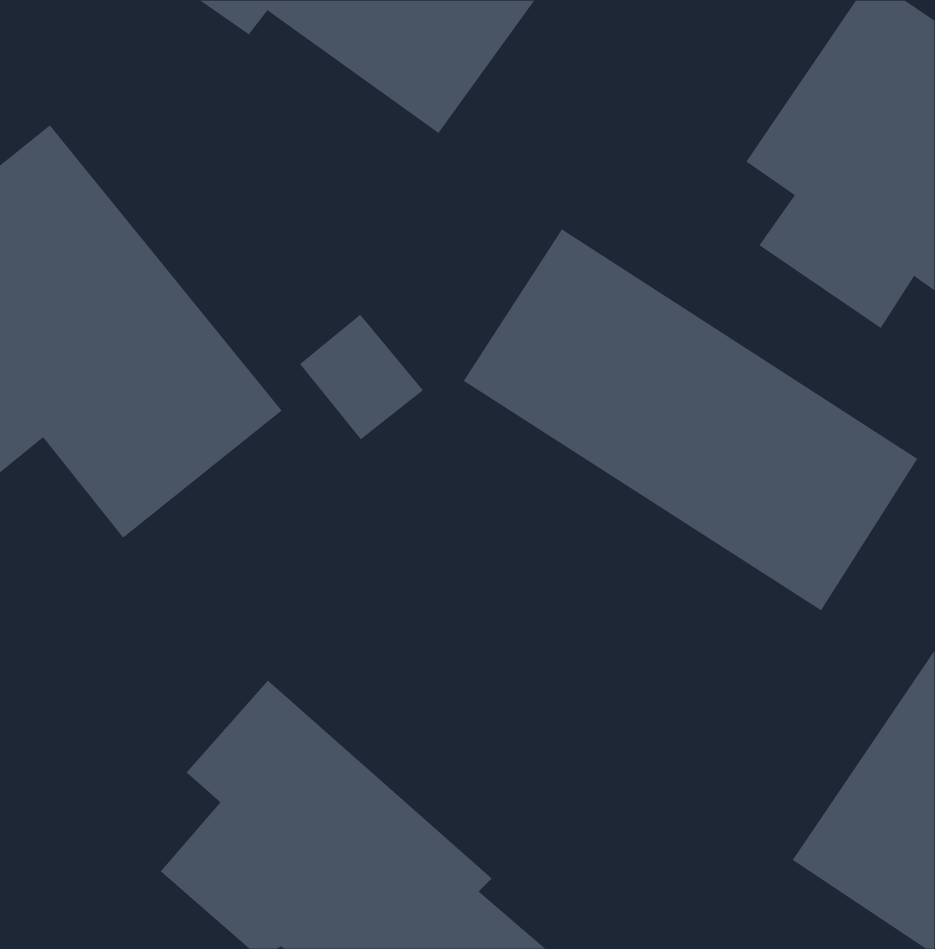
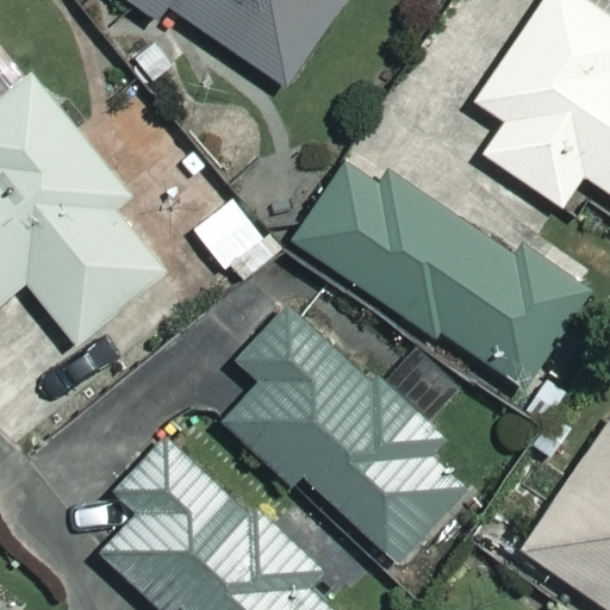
building: none -> [228,311,474,561]

